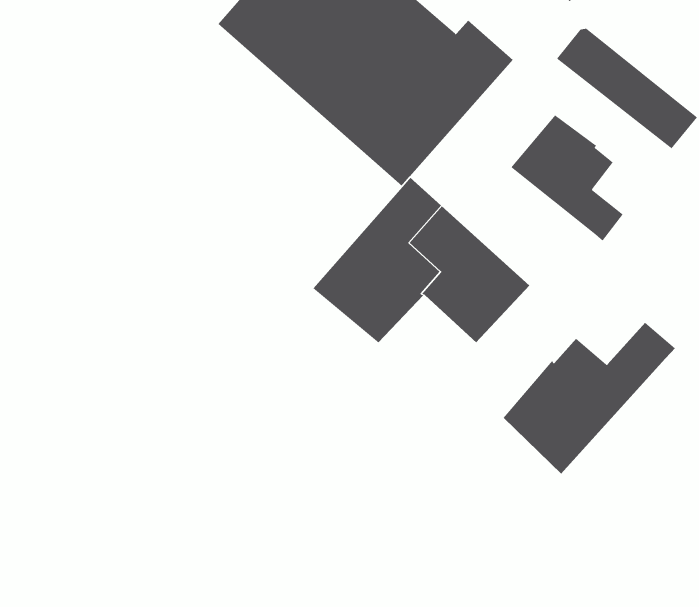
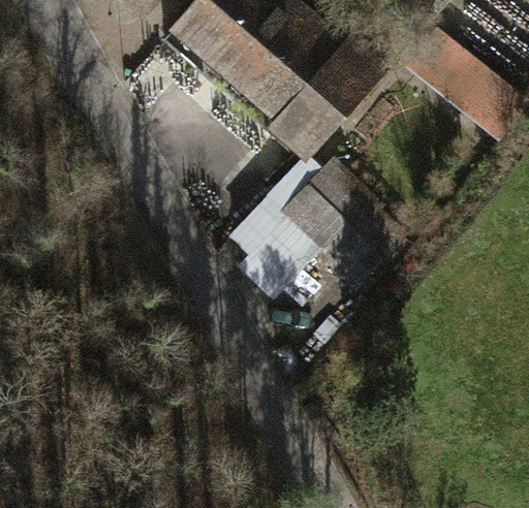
building: [510,114,624,241] -> none
building: [503,322,676,474] -> none

